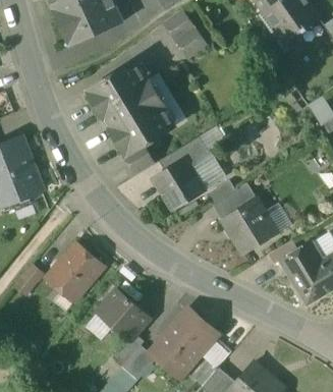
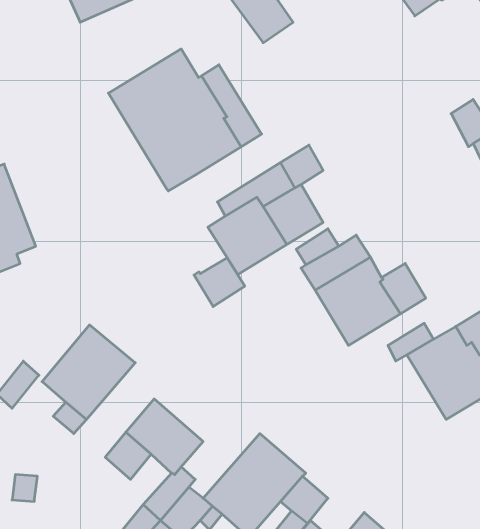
building: [122,145,155,176] -> [194,258,245,307]

